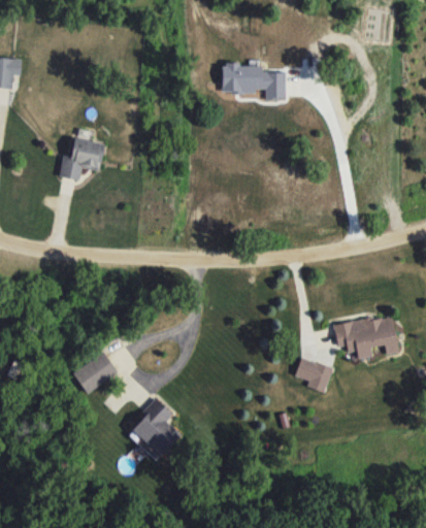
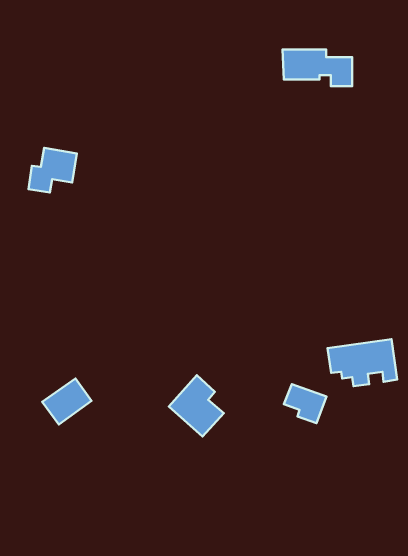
building: [221,65,285,99] -> [283,49,352,86]
building: [130,399,181,456] -> [169,375,224,437]

